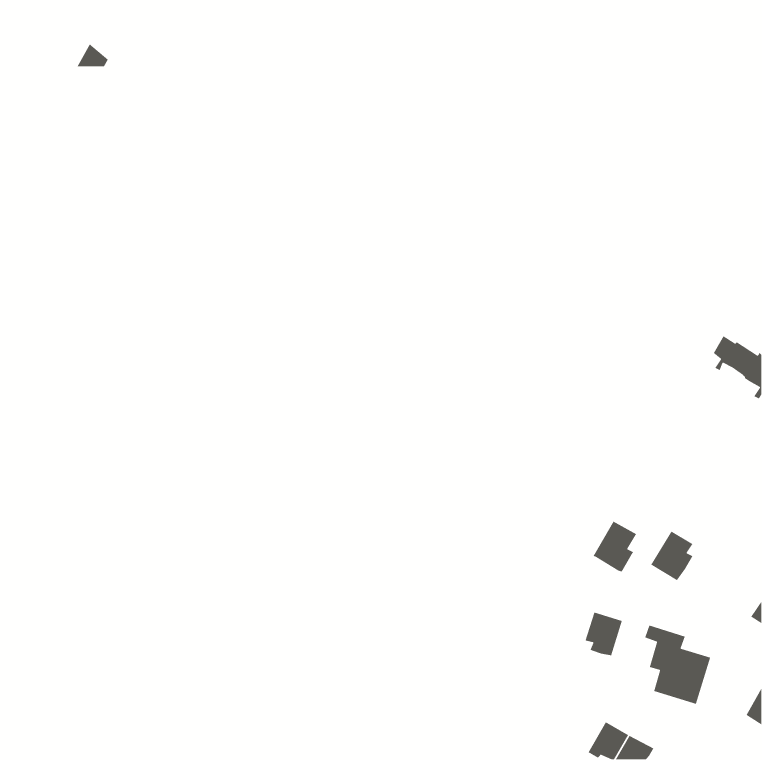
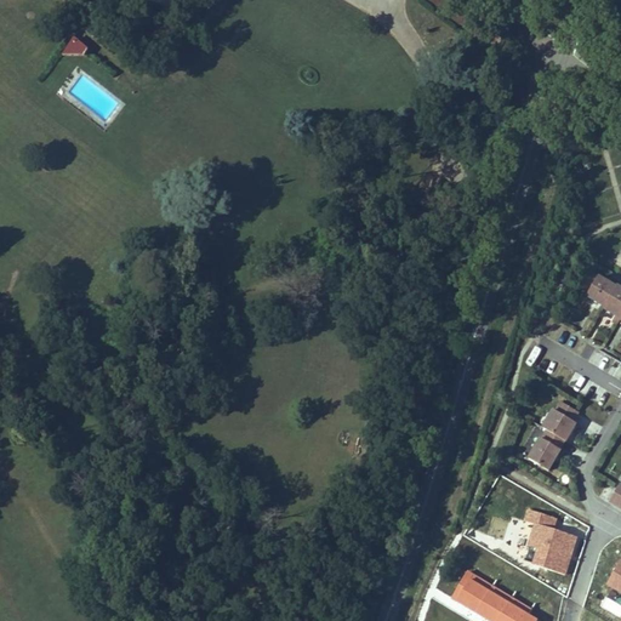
building: [592,520,637,573] -> [543,401,580,444]
building: [584,611,623,656] -> none
building: none -> [455,571,492,613]

